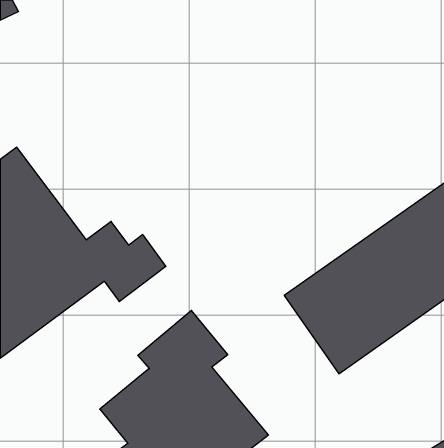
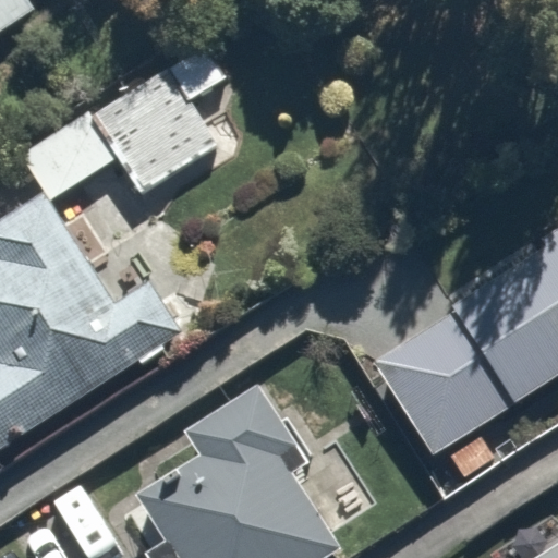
building: none -> [16,39,246,208]

